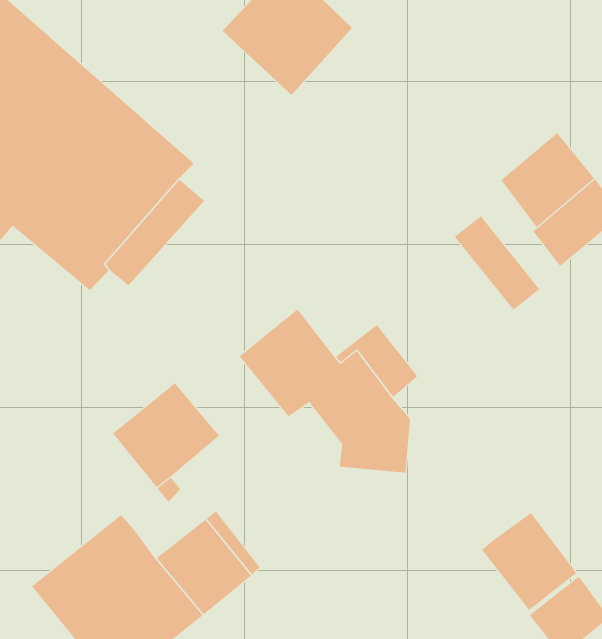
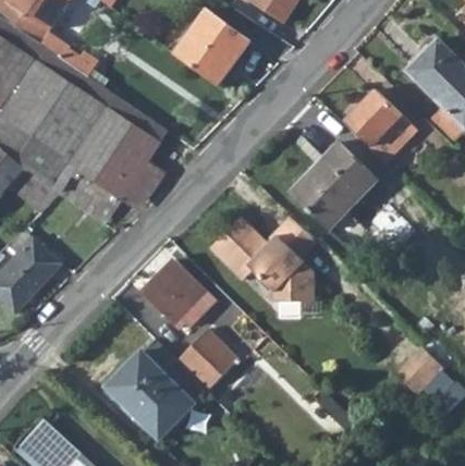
building: none -> [289,157,362,231]
building: [481,512,577,611] -> none

